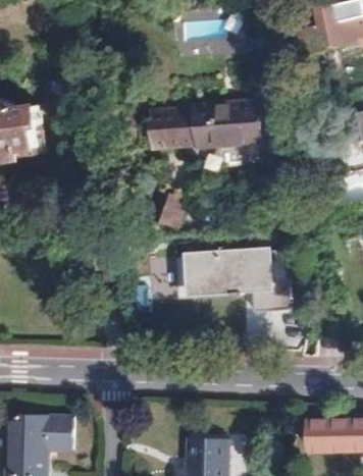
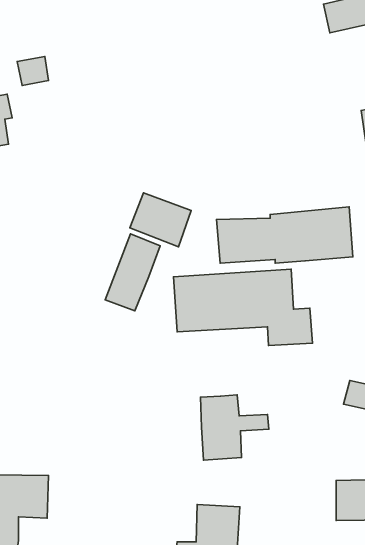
building: [152,100,263,146] -> [216,207,353,263]
building: none -> [105,234,160,311]
building: none -> [201,395,269,460]

